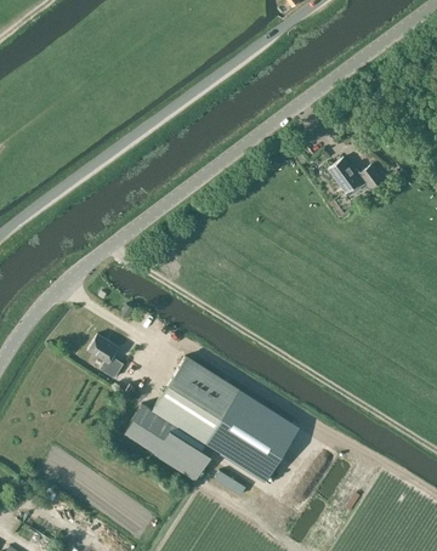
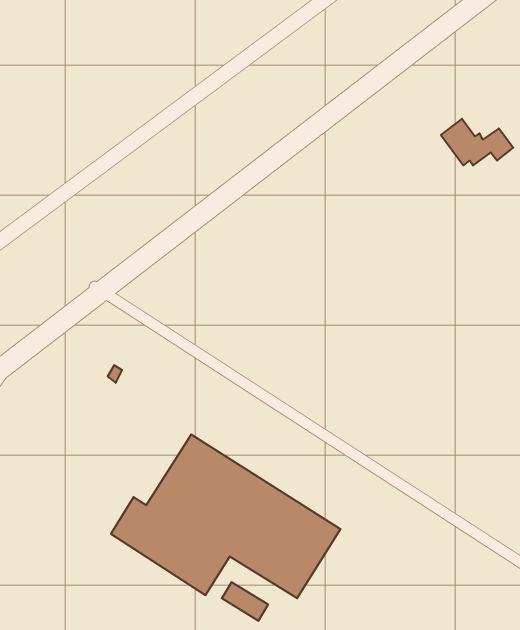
building: [328,158,382,193] -> [441,119,513,165]
building: [87,335,123,379] -> none

